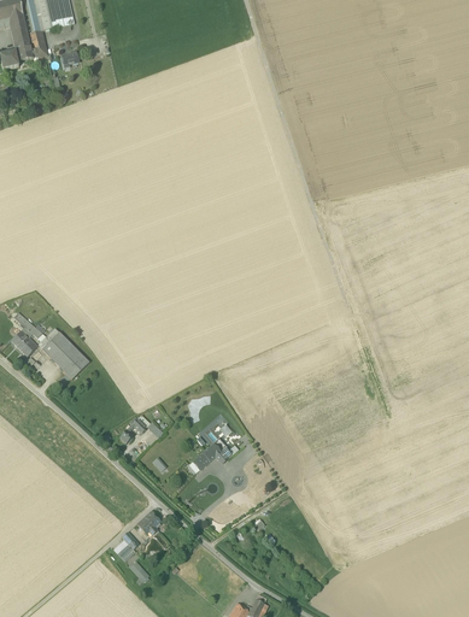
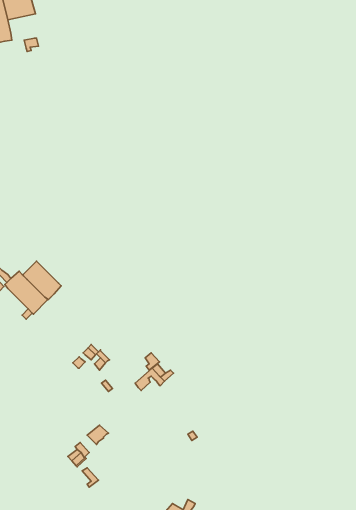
building: none -> [23,261,61,300]

